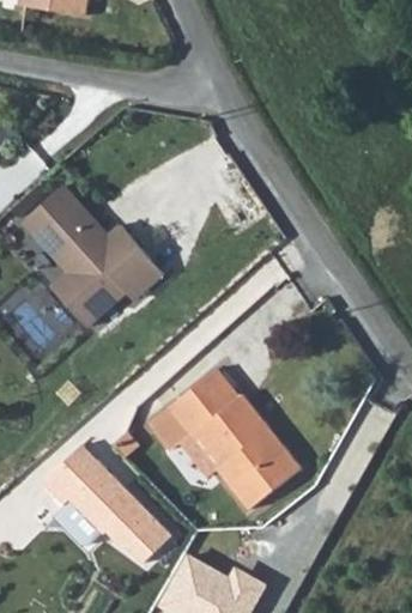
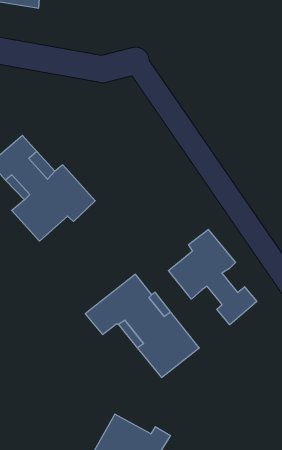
building: none -> [168,229,257,325]
building: [41,445,175,570] -> none

